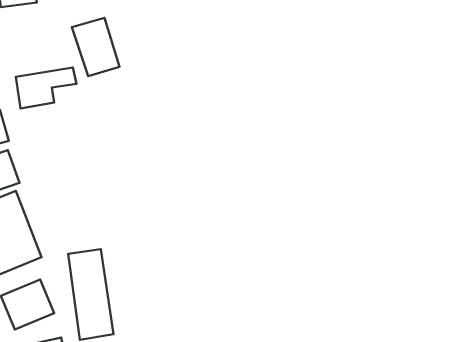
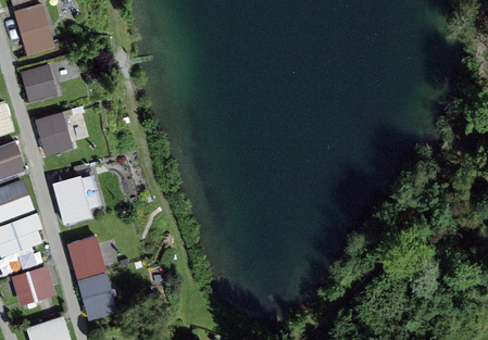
building: [72,18,120,76] -> [13,5,58,60]
building: none -> [35,113,74,156]
building: none -> [52,176,93,224]

